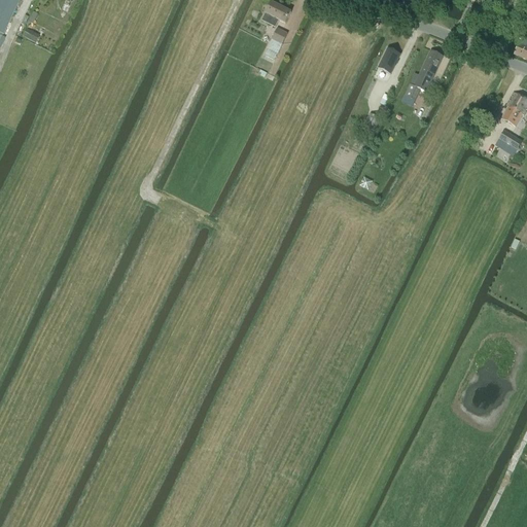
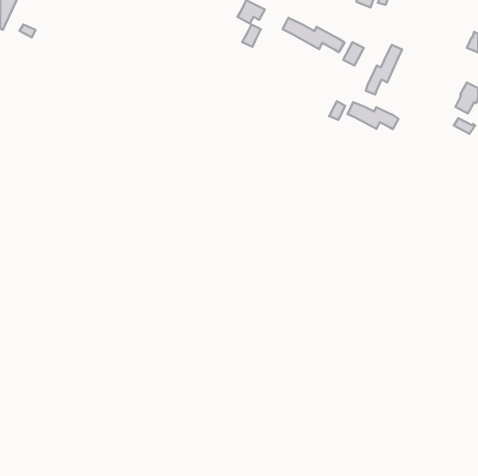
building: none -> [282,18,345,52]
building: none -> [347,102,398,129]

